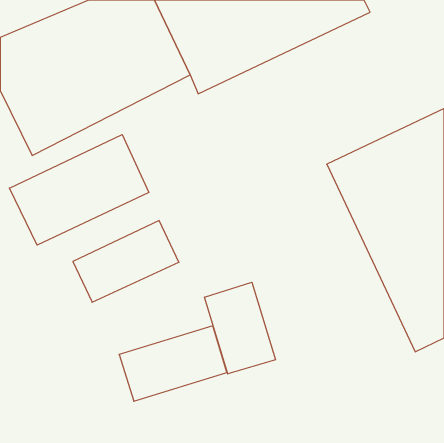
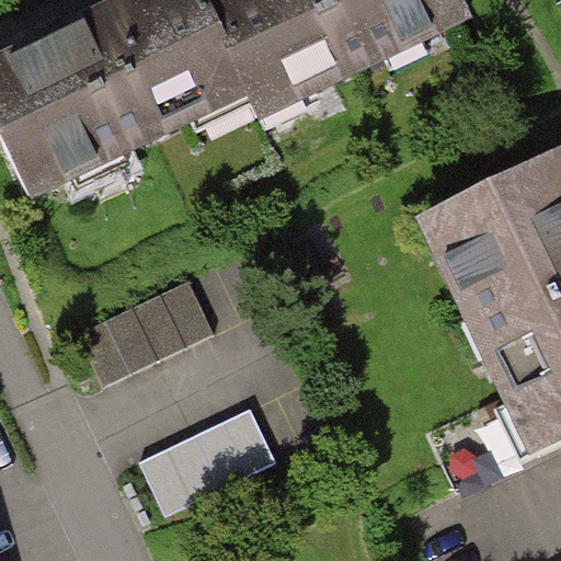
building: [9,135,149,245] -> none
building: [205,282,275,374] -> none

